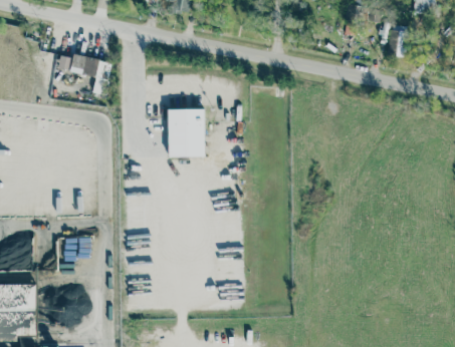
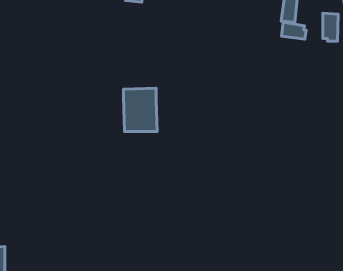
building: none -> [282,22,306,39]
building: [57,54,110,94] -> none

